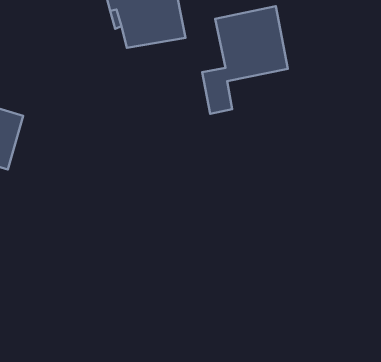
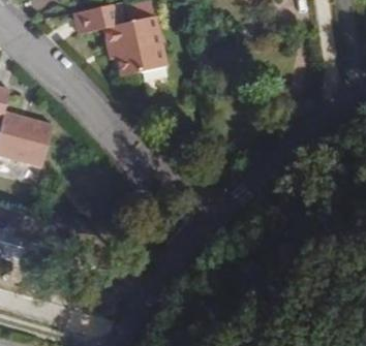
building: [202,6,288,114] -> none

